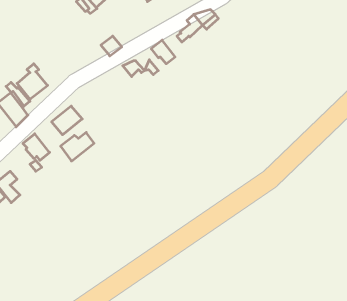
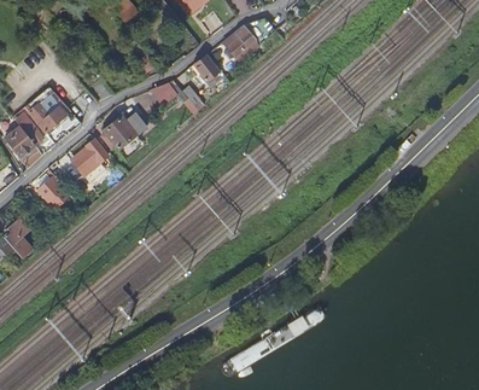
building: [61,132,94,161] -> [104,112,145,147]

